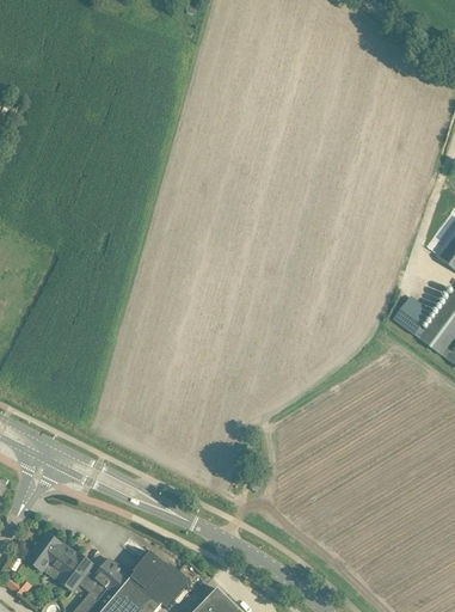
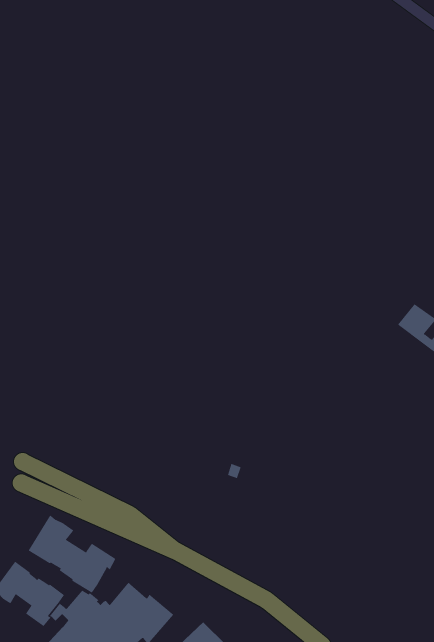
building: none -> [28,514,116,594]

